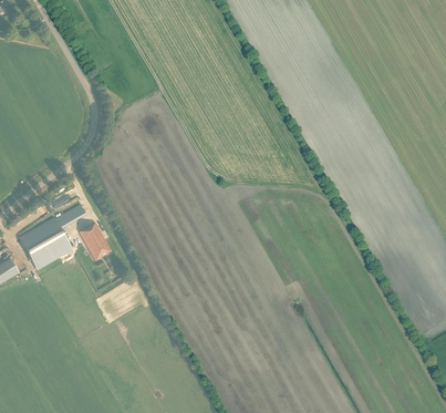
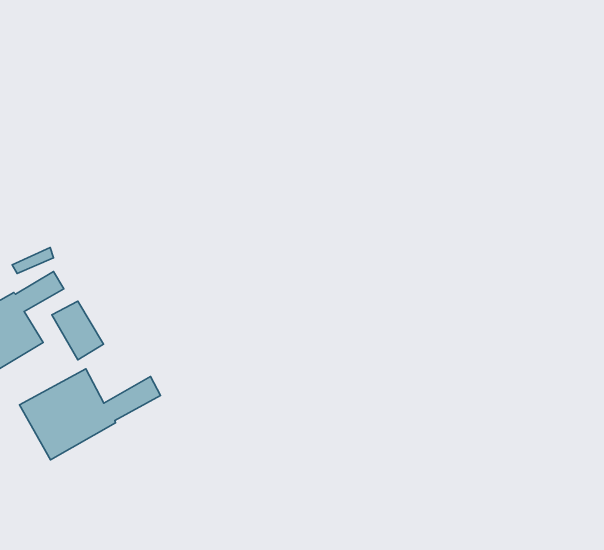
building: none -> [19,369,160,460]

